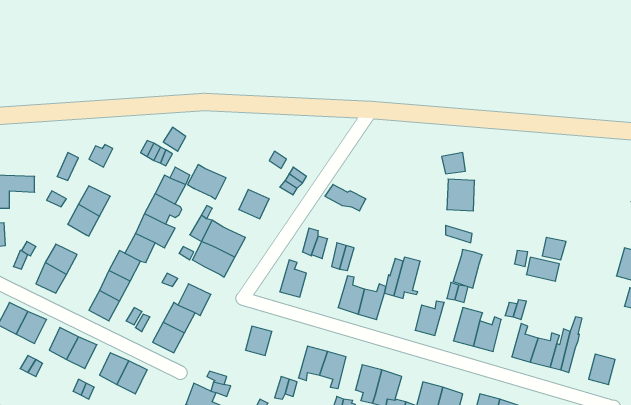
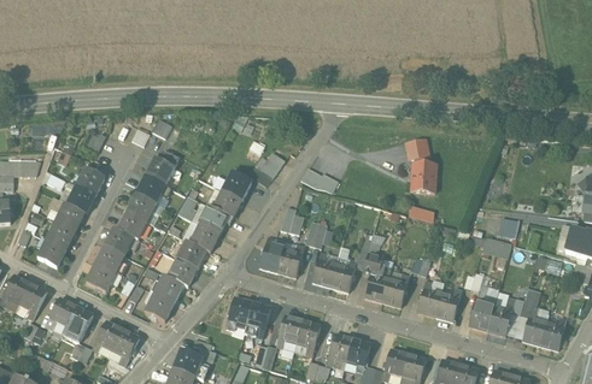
building: [188,165,226,199] -> [206,188,241,219]
building: none -> [48,197,83,232]
building: [453,250,482,288] -> [364,266,391,301]
building: none -> [170,237,205,268]
building: none -> [277,243,304,276]
building: none -> [244,302,270,335]
building: none -> [522,308,550,345]

